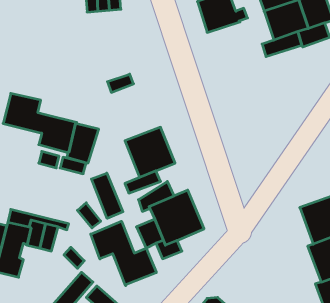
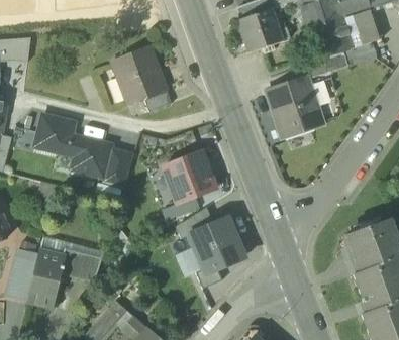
building: none -> [110,47,167,106]
building: none -> [270,77,317,134]
building: [91,173,123,218] -> none
building: [91,221,156,286] -> none

